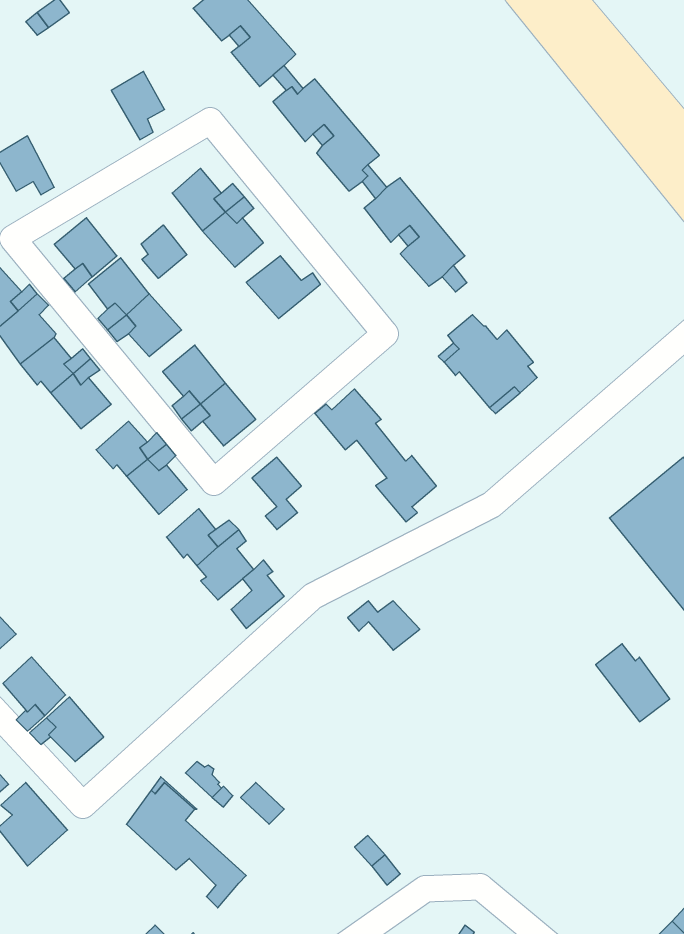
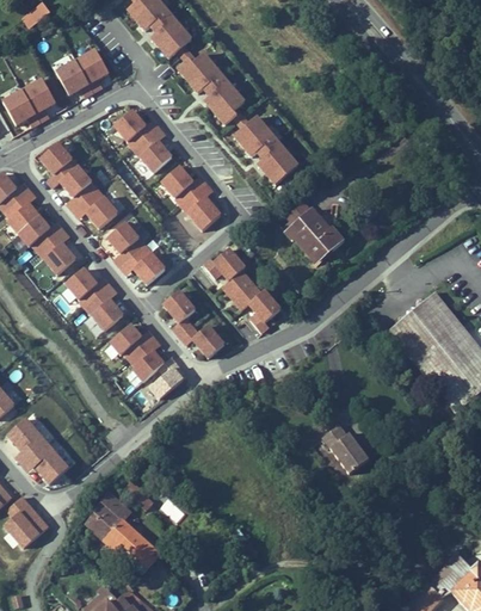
building: none -> [56,61,93,97]
building: none -> [23,79,55,122]
building: [141,225,187,278] -> none
building: none -> [180,183,221,228]
building: [348,601,420,650] -> [179,326,224,357]
building: [596,644,670,722] -> [321,424,368,473]

